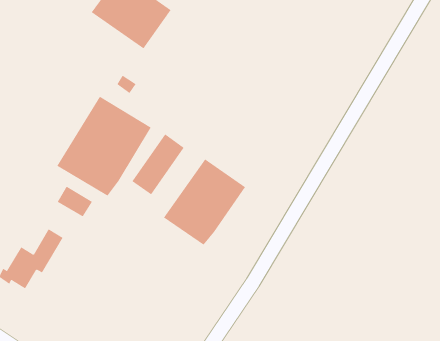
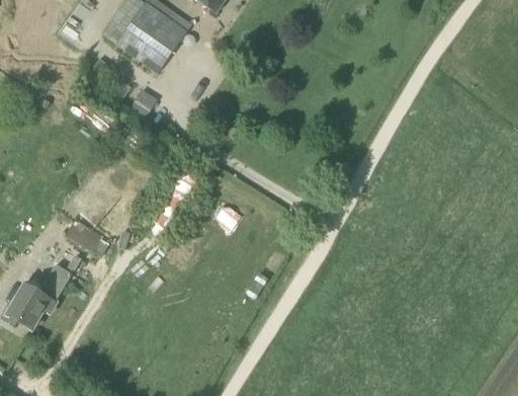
building: [56,96,151,196] -> none
building: [163,158,246,245] -> none

